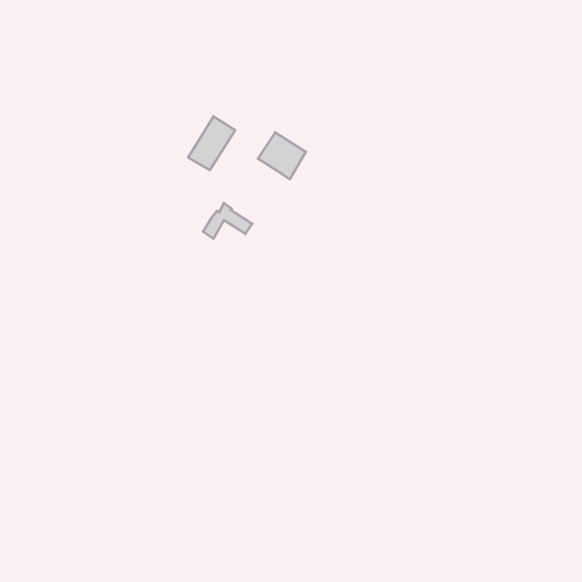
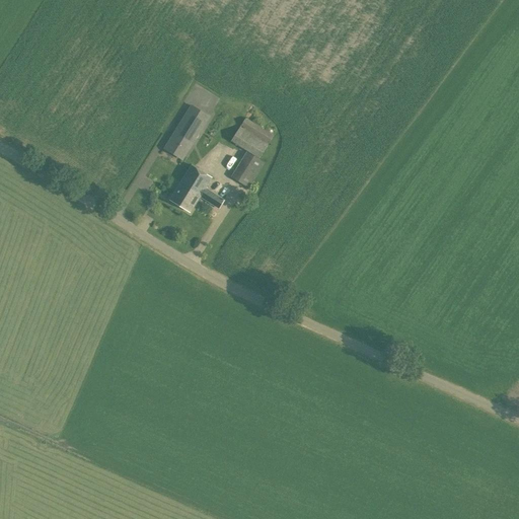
building: none -> [230,151,264,188]
building: none -> [168,164,211,206]

